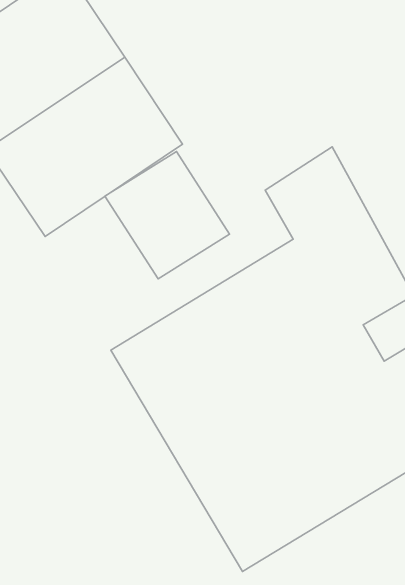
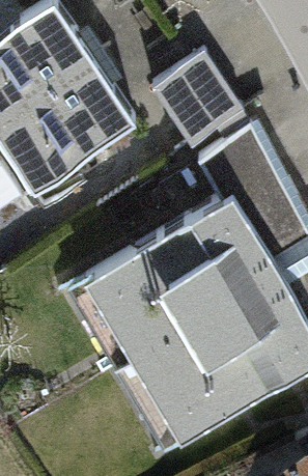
building: [105,151,230,279] -> [150,53,243,147]

